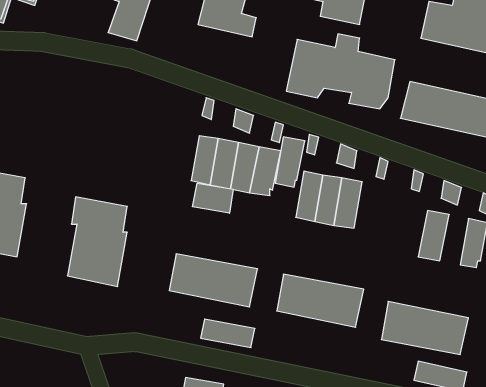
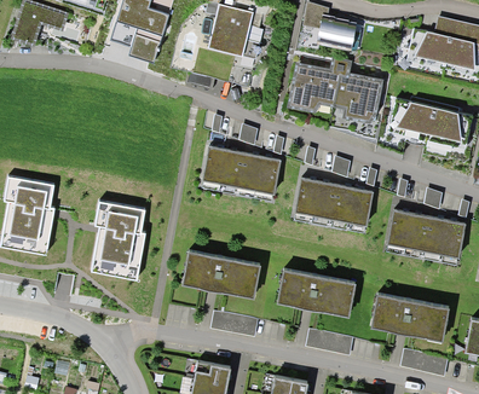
building: [275,137,305,187] -> [346,187,373,232]
building: [193,183,233,213] -> none
building: none -> [385,209,411,254]
building: none -> [422,216,448,261]
building: none -> [305,326,353,353]

